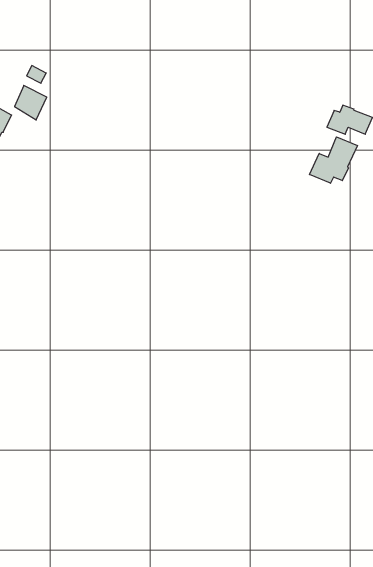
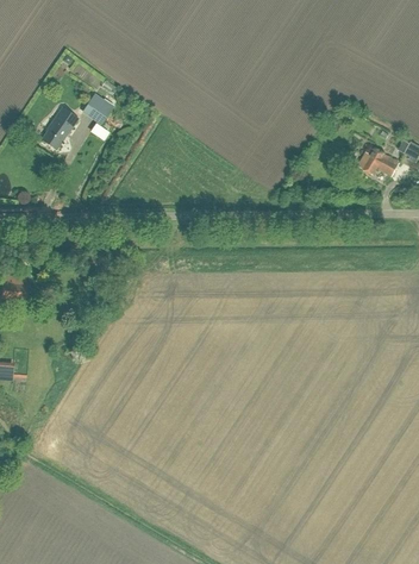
building: [310,137,357,183] -> none

